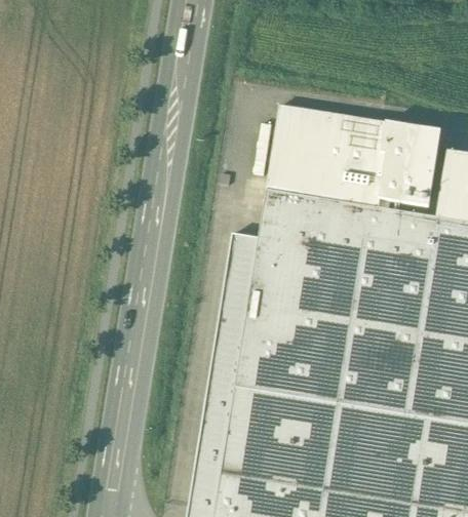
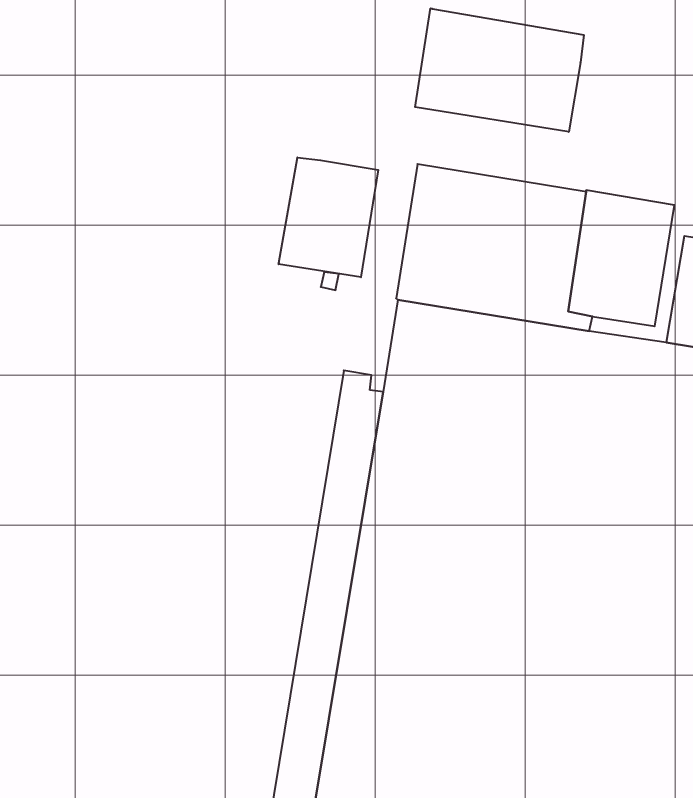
building: none -> [415,8,584,132]
building: none -> [279,157,378,277]

